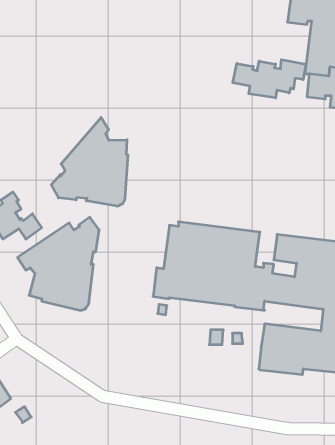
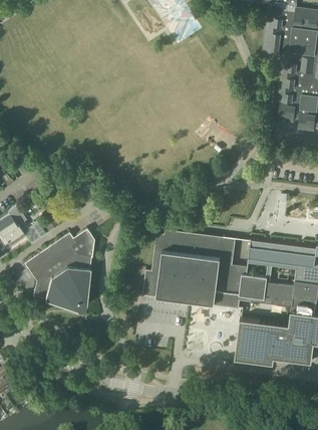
building: [233,60,306,98] -> none
building: [51,117,128,206] -> none

